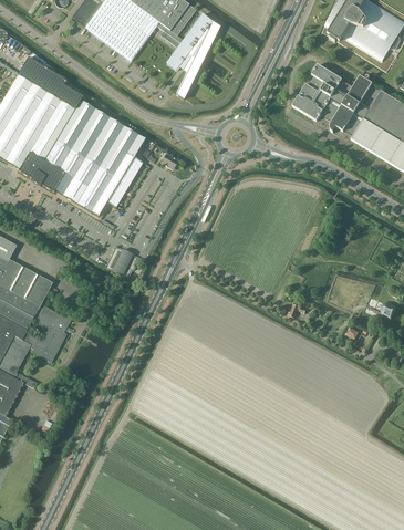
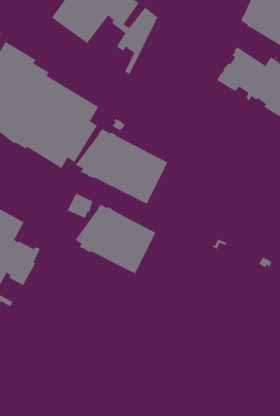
building: none -> [68,129,168,205]
building: none -> [68,204,156,274]

